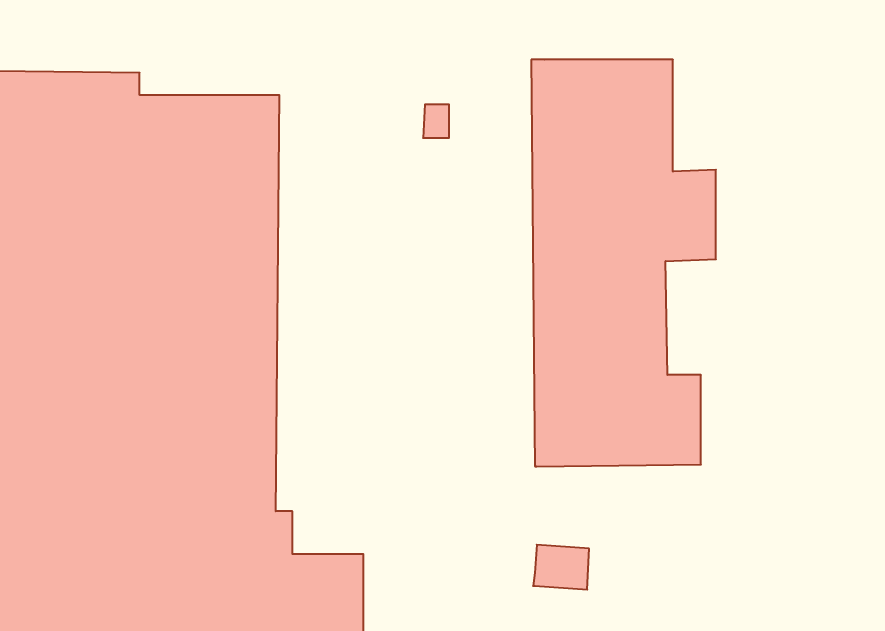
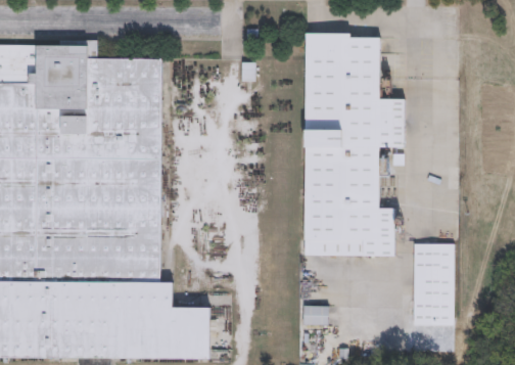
building: none -> [415,242,454,326]

